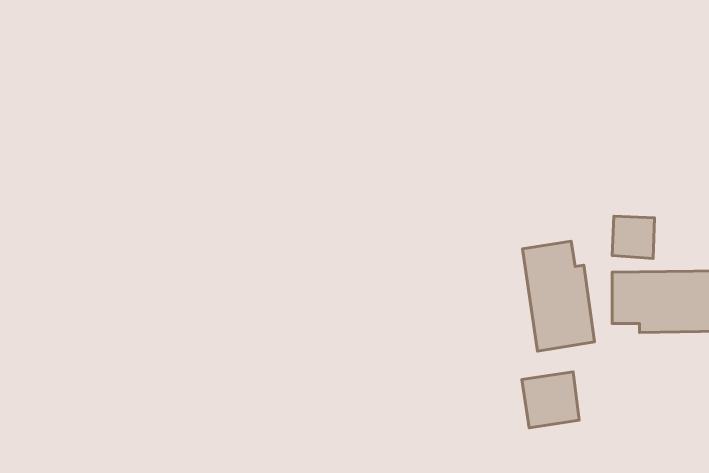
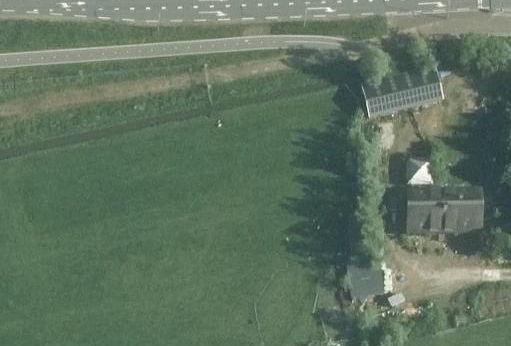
building: none -> [361,64,442,113]
building: [523,241,595,351] -> none

